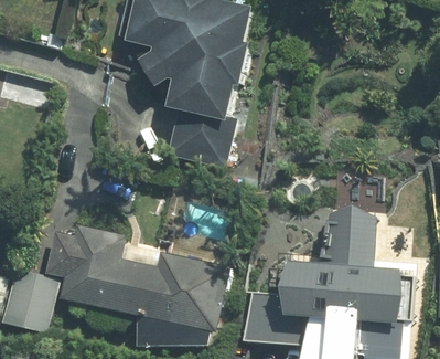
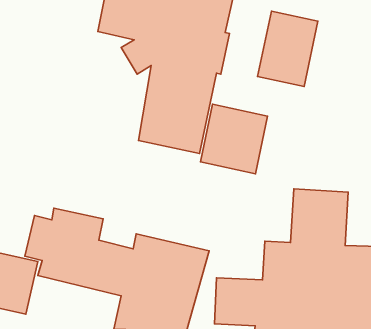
building: none -> [258,11,318,86]
building: none -> [200,104,268,174]

